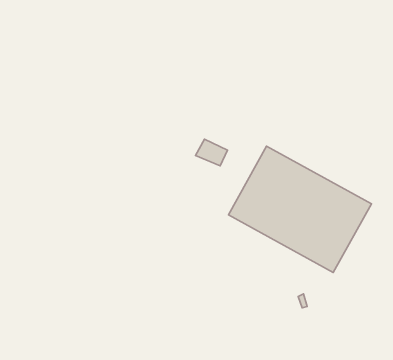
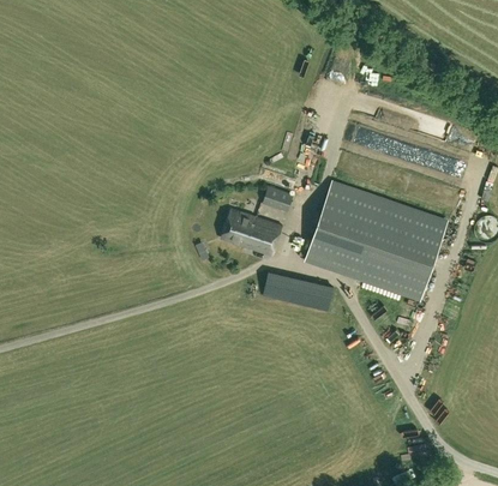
building: none -> [221,206,283,253]
building: none -> [265,278,334,313]

